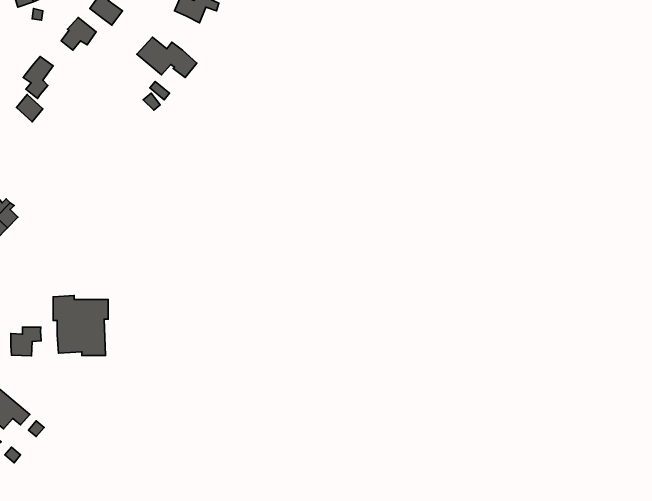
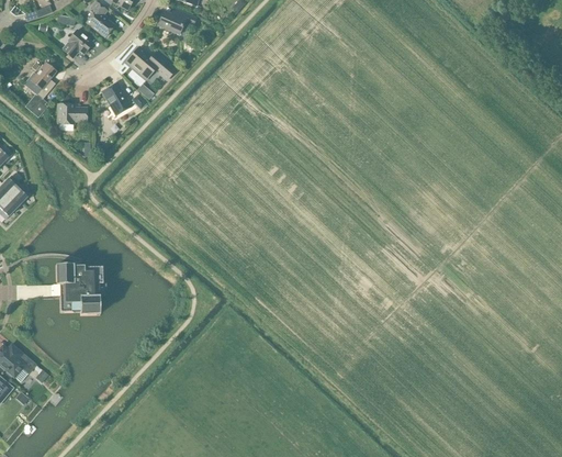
building: none -> [102,85,132,114]
building: none -> [57,103,87,123]
building: [11,327,41,356] -> none

